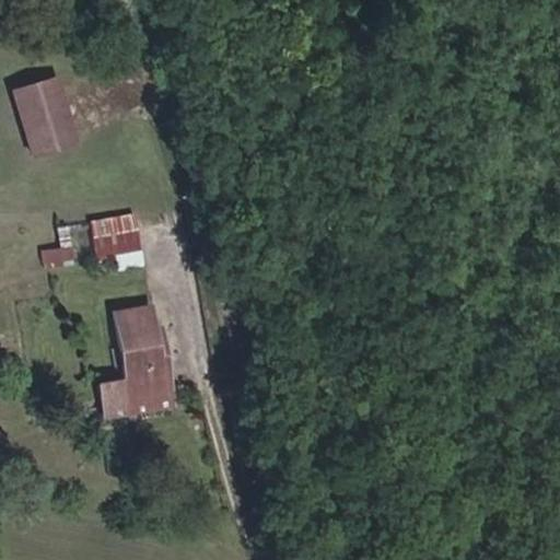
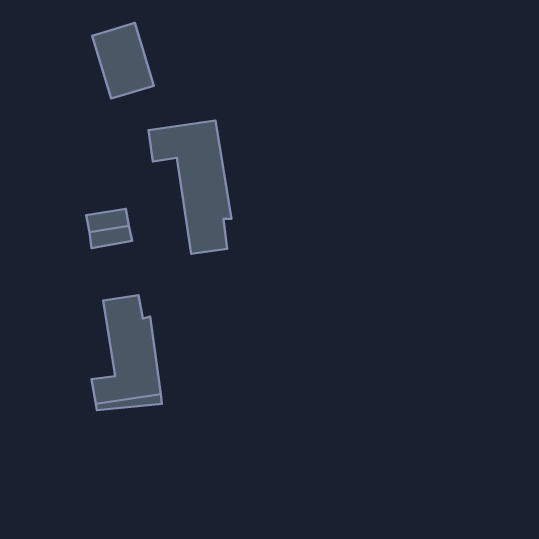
building: [15,77,79,154] -> [92,23,154,99]
building: none -> [149,120,232,254]

